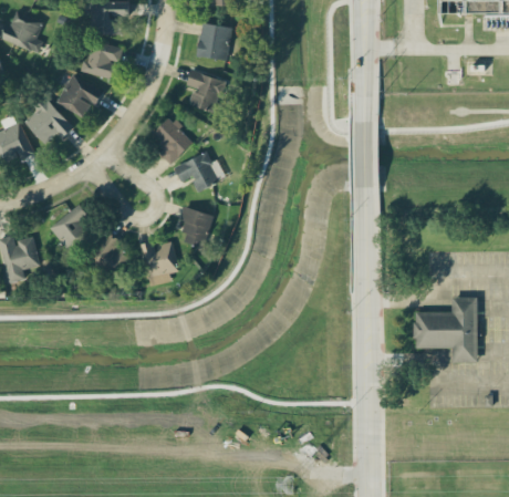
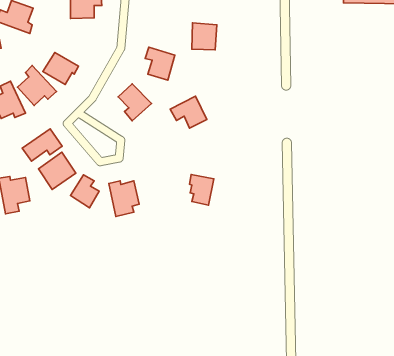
building: [198,23,230,58] -> [192,23,217,50]
building: [81,40,121,77] -> none
building: [174,151,220,191] -> [170,96,207,128]
building: none -> [22,129,62,161]
building: [180,207,211,246] -> [189,175,214,205]
building: [415,297,477,361] -> none

